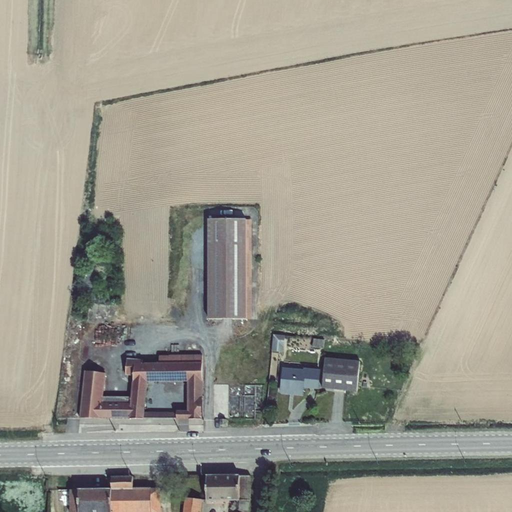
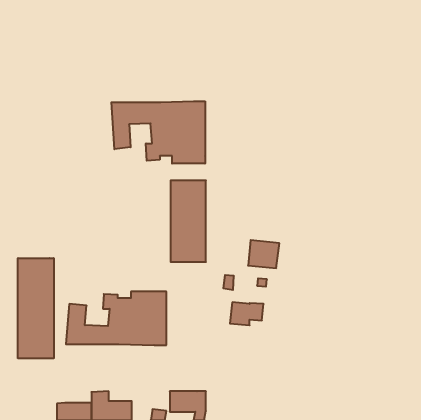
building: none -> [111,101,205,164]
building: none -> [18,258,54,358]
building: [322,357,360,391] -> [248,240,279,268]

